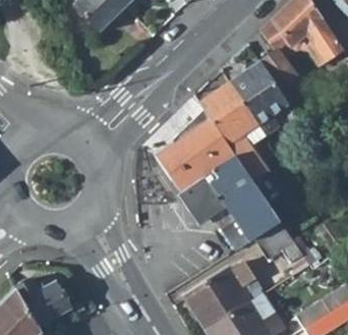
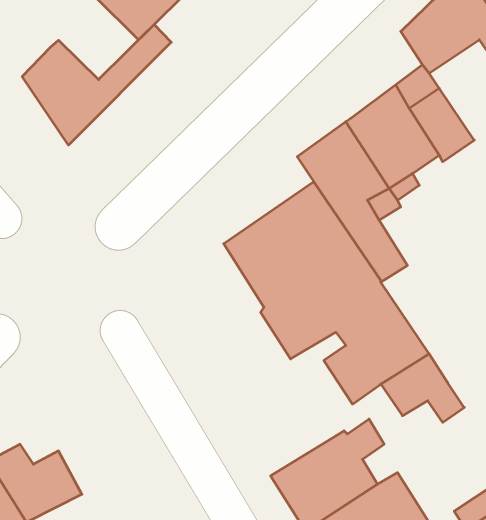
building: none -> [22,25,171,145]

